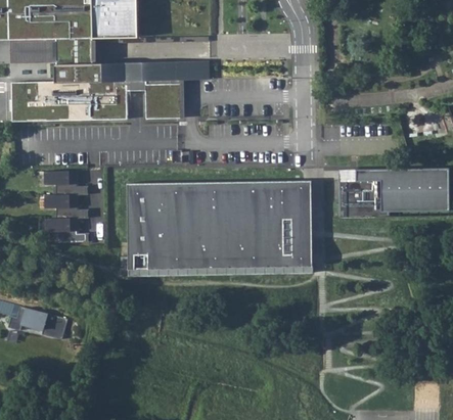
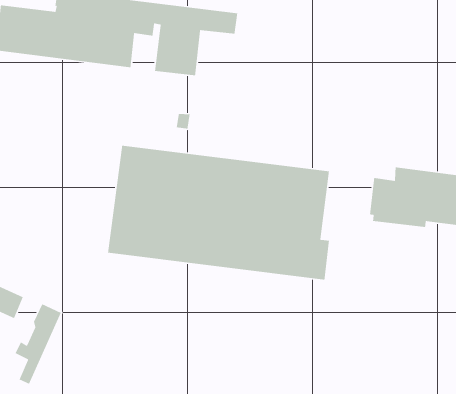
building: [45,171,87,242] -> none
building: none -> [15,303,62,385]

